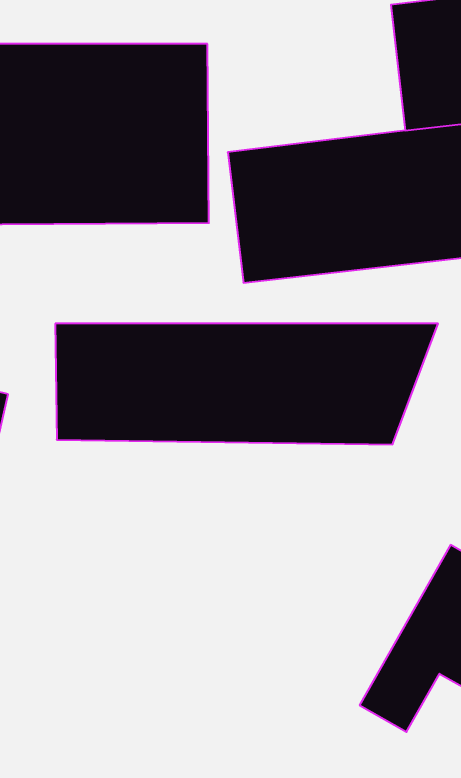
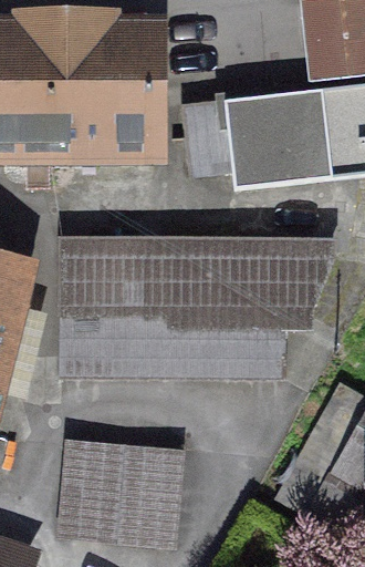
building: none -> [64,318,285,373]
building: none -> [59,439,186,539]

